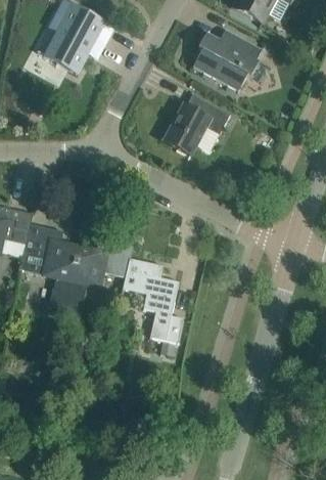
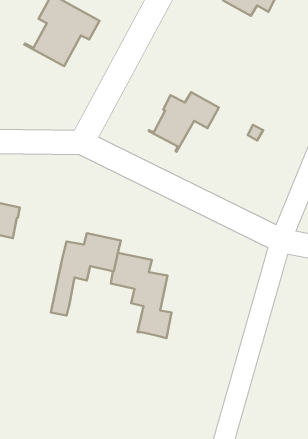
building: [192,32,263,91] -> none
building: [20,223,79,317] -> none

